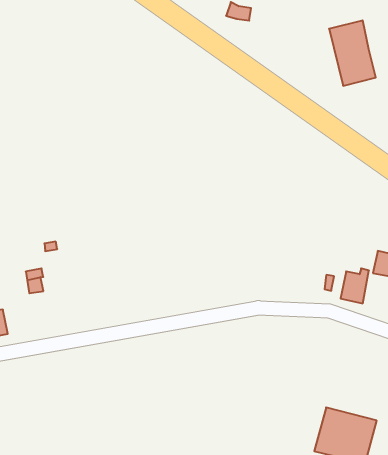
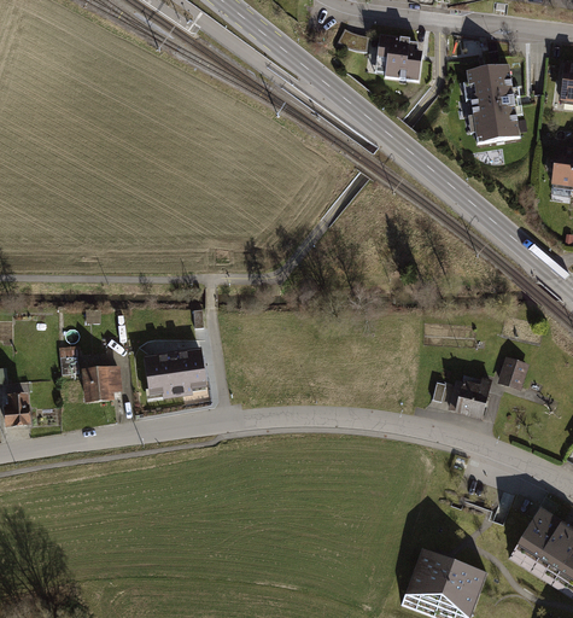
building: none -> [373,33,422,80]
building: none -> [145,346,209,398]
building: none -> [80,365,121,401]

